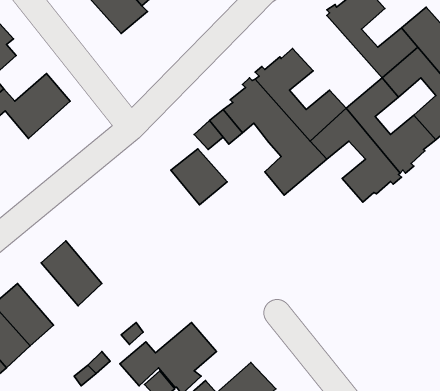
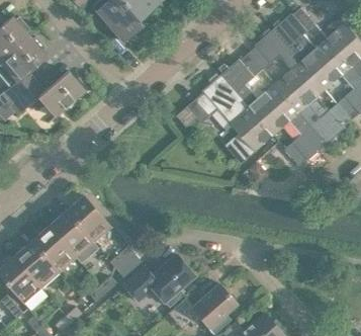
building: none -> [249,29,314,97]
building: [171,149,227,205] -> none
building: none -> [48,211,92,256]

